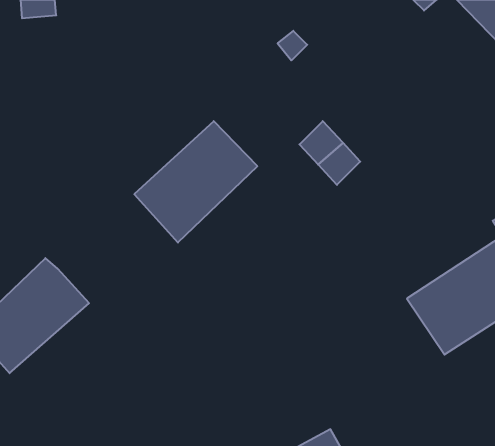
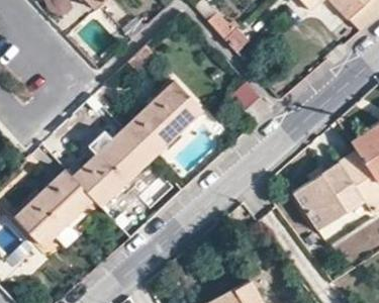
building: none -> [74,128,152,222]

